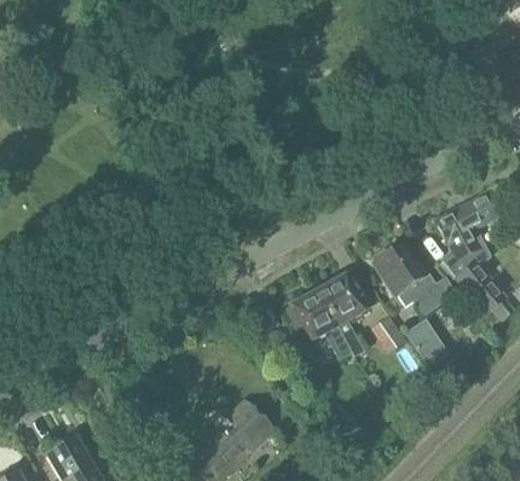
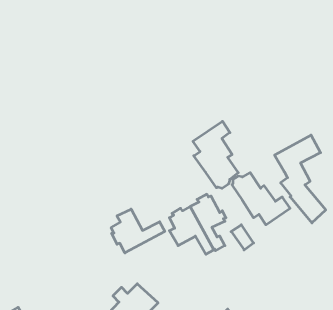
building: none -> [193,121,238,188]
building: none -> [111,209,165,253]
building: [405,319,447,367] -> none

